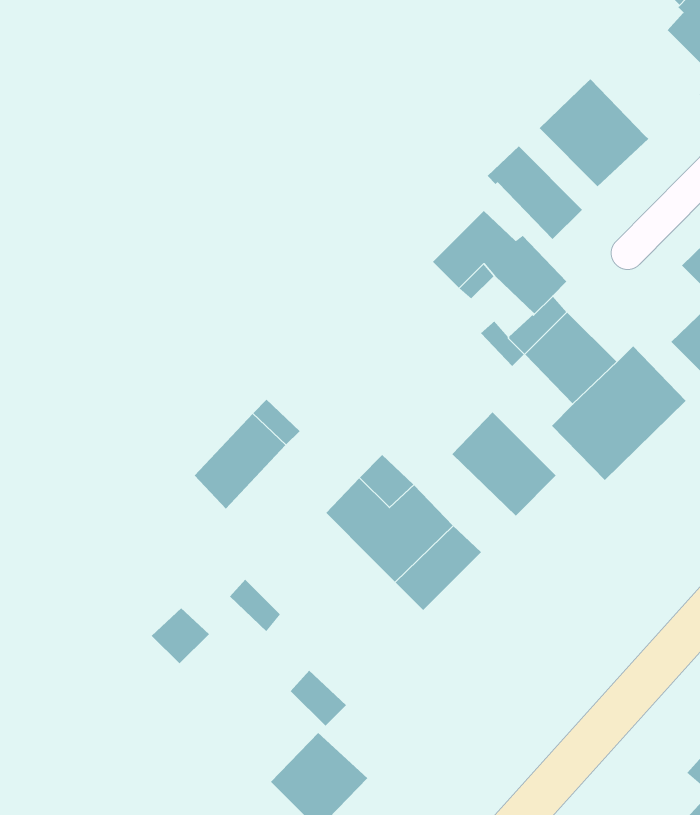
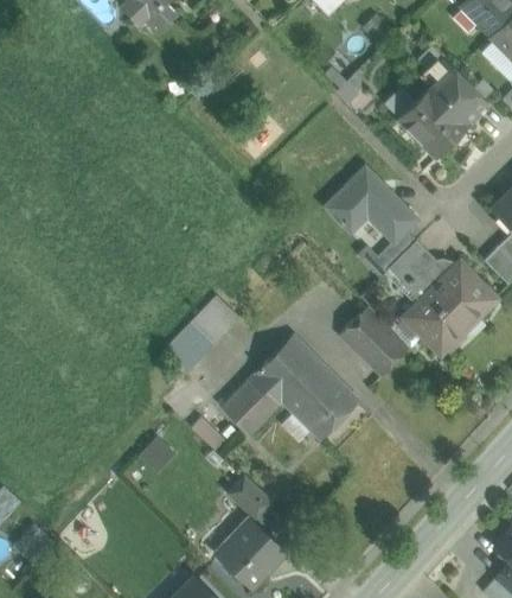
building: [487,146,583,240] -> [424,59,488,122]
building: none -> [222,374,287,434]

